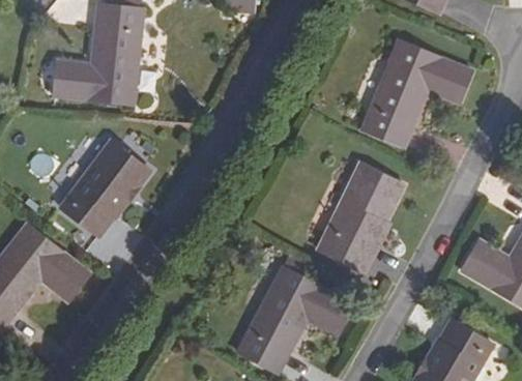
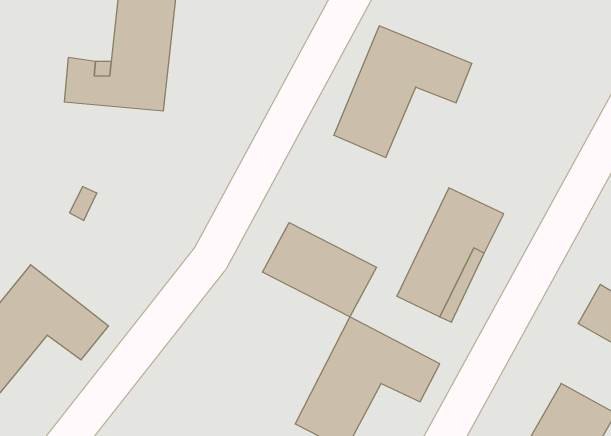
building: [361,41,471,146] -> [334,26,472,157]
building: [60,141,150,236] -> none
building: none -> [263,223,377,317]

